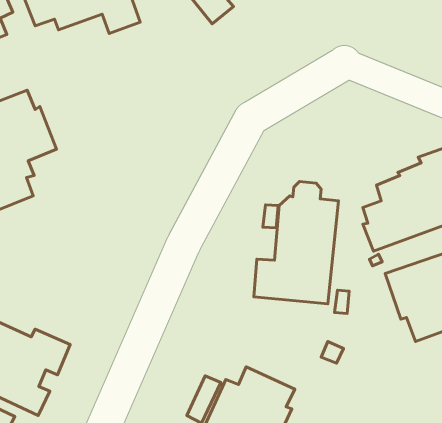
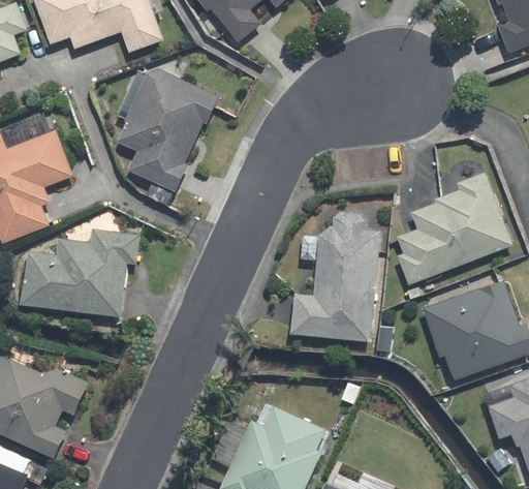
building: none -> [115,70,219,206]
building: none -> [23,230,141,317]

